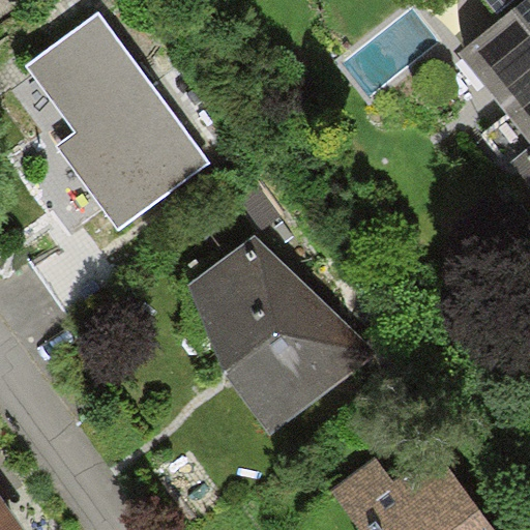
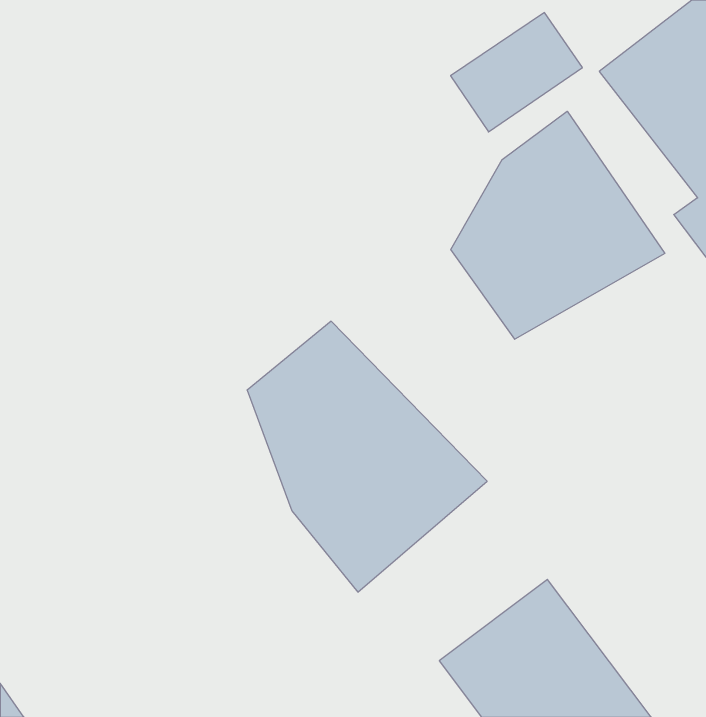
building: [33,17,218,234] -> none
building: none -> [451,111,665,339]

